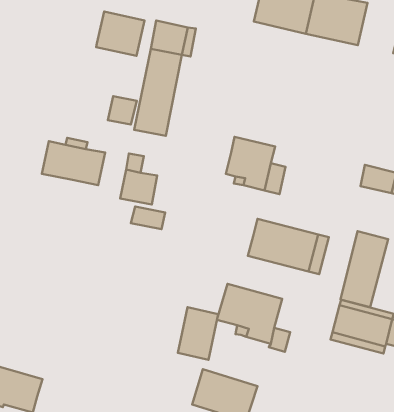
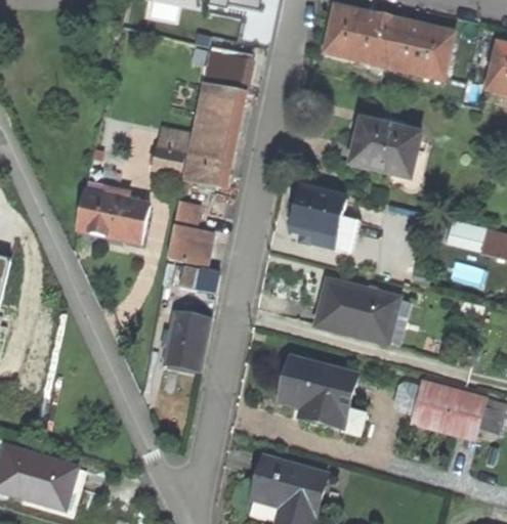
building: [96,12,144,56] -> none
building: none -> [350,120,421,179]
building: [340,231,388,307] -> none
building: [178,307,218,360] -> [165,307,212,368]

